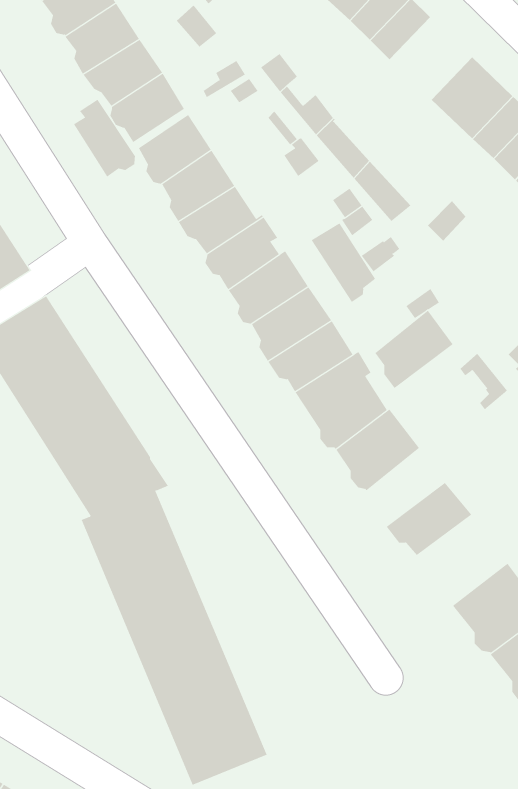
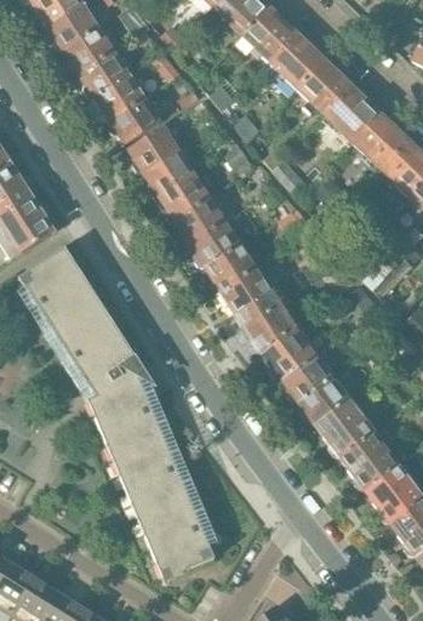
building: none -> [297,59,353,115]
building: [73,99,136,178] -> none
building: [311,223,376,303] -> none
building: [374,310,453,389] -> [281,351,335,404]
building: none -> [315,395,377,457]

